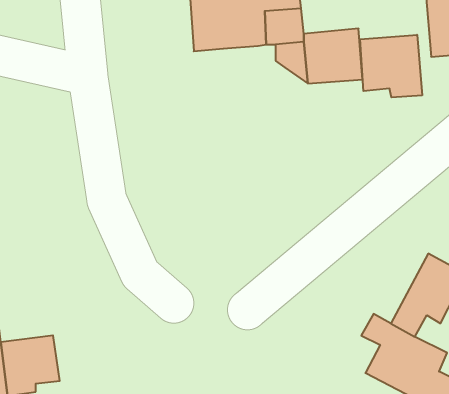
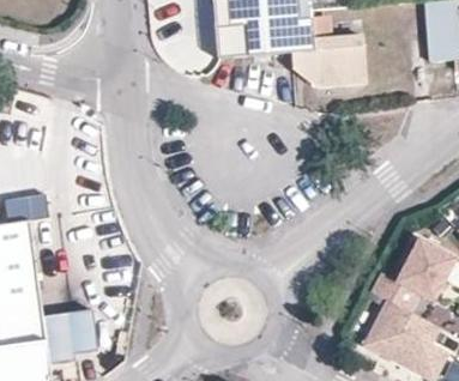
building: [360,35,422,97] -> none

